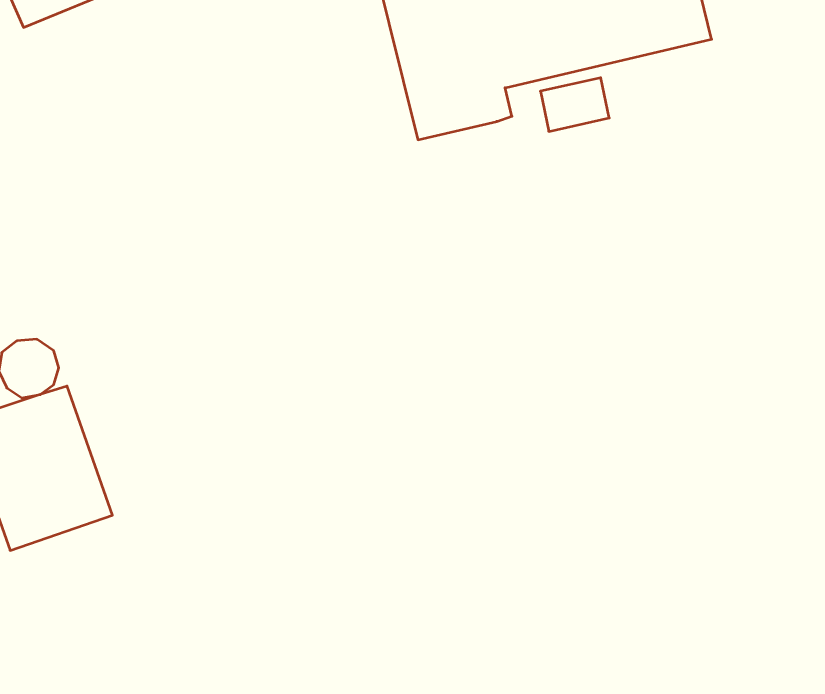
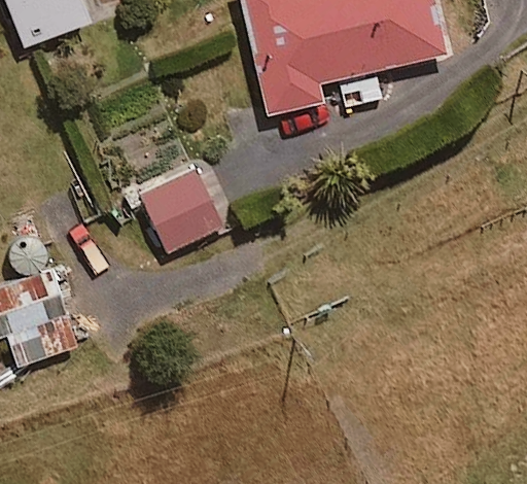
building: none -> [140,167,224,252]

